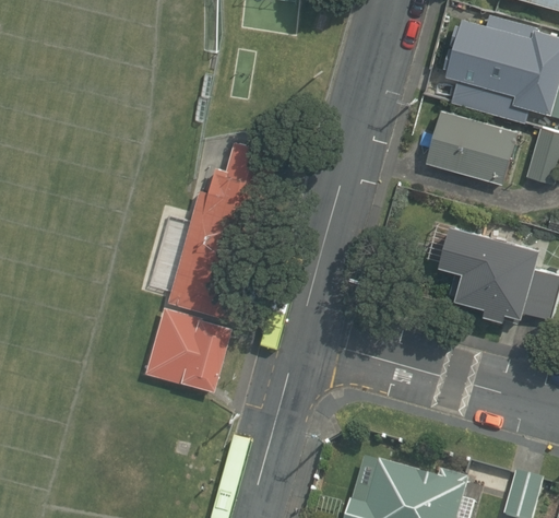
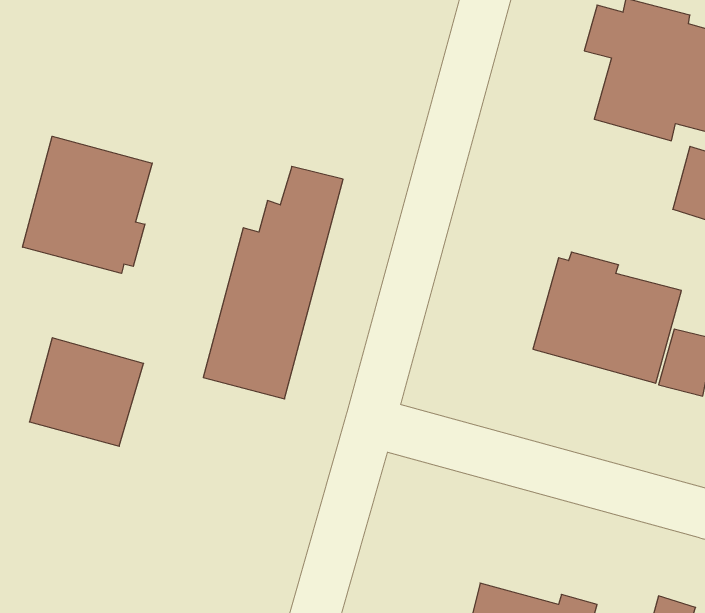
building: [426,108,516,185] -> none
building: none -> [23,136,152,273]
building: [145,308,233,391] -> [29,338,144,446]

